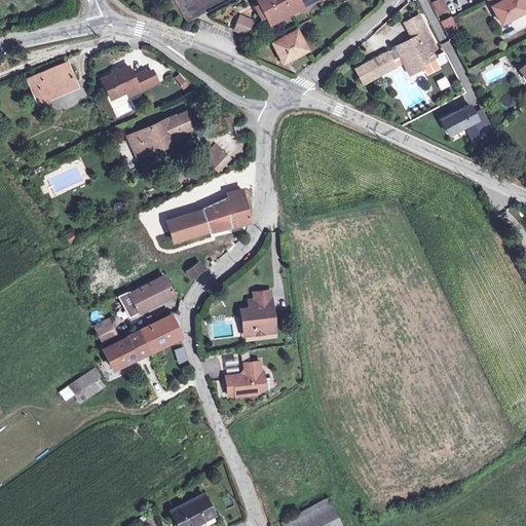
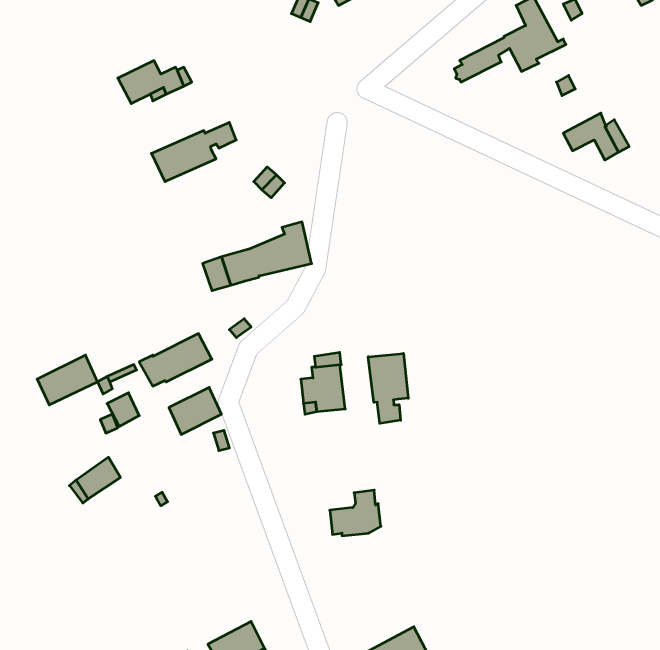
building: [274,31,307,62] -> none
building: [28,64,75,101] -> none
building: none -> [368,353,408,423]
building: [104,331,150,369] -> [37,355,98,405]
building: [225,361,264,396] -> [330,490,381,536]

